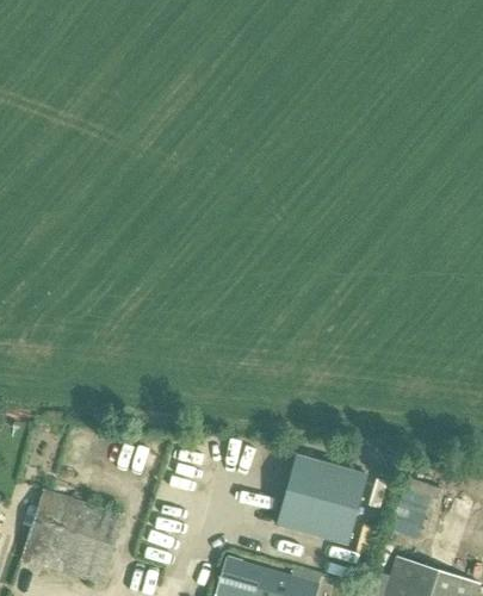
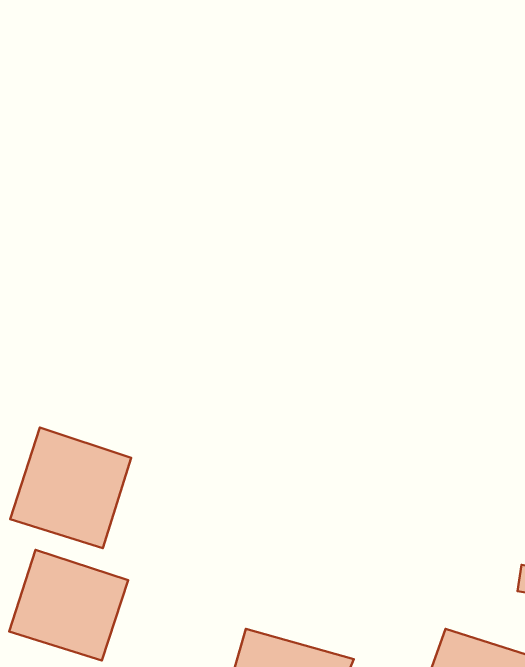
building: none -> [10,427,131,548]
building: [277,455,367,546] -> none

